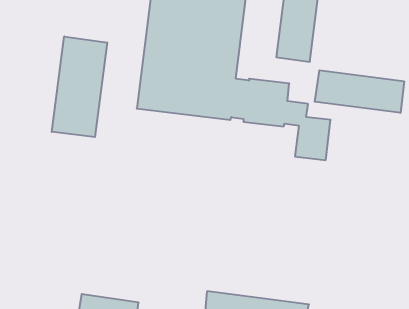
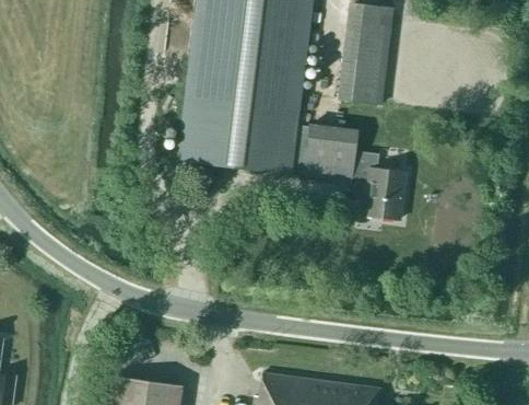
building: [52,36,107,137] -> none
building: [315,70,404,113] -> none

